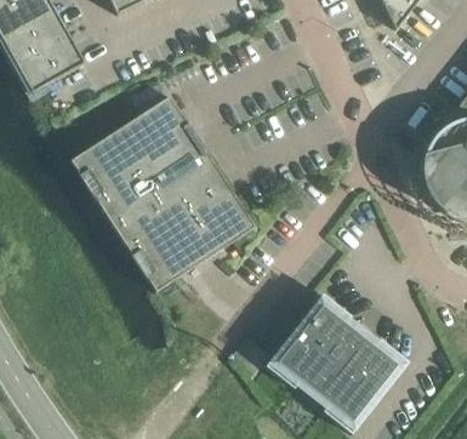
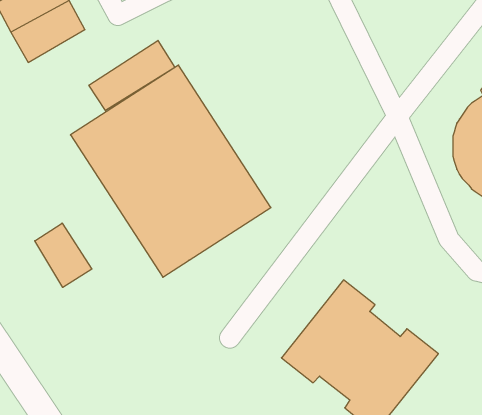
building: none -> [89,40,175,111]
building: none -> [35,223,92,287]

